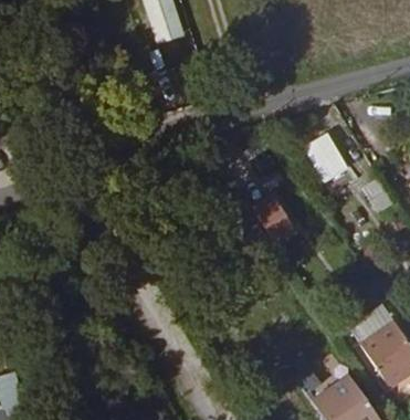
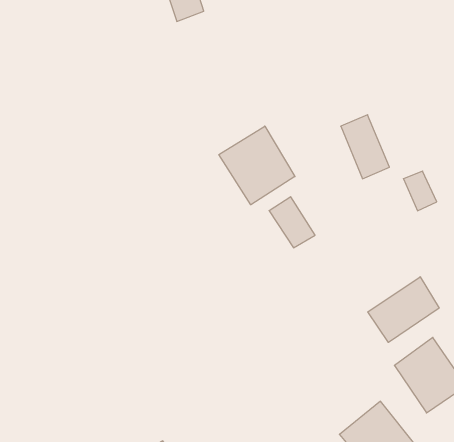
building: none -> [219,126,295,205]
building: none -> [368,277,439,342]

